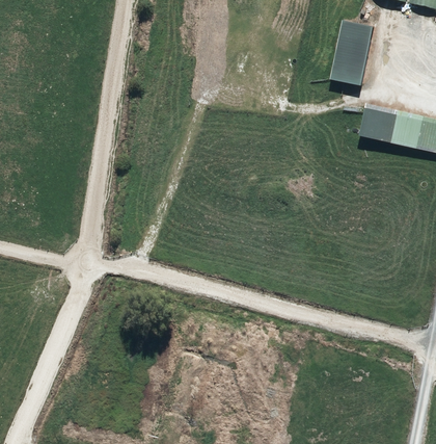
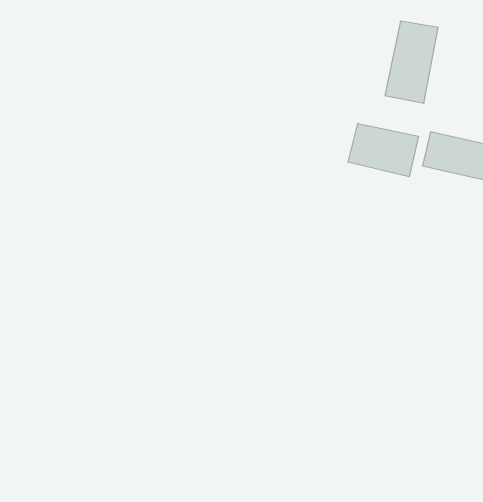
building: none -> [348,123,418,177]

